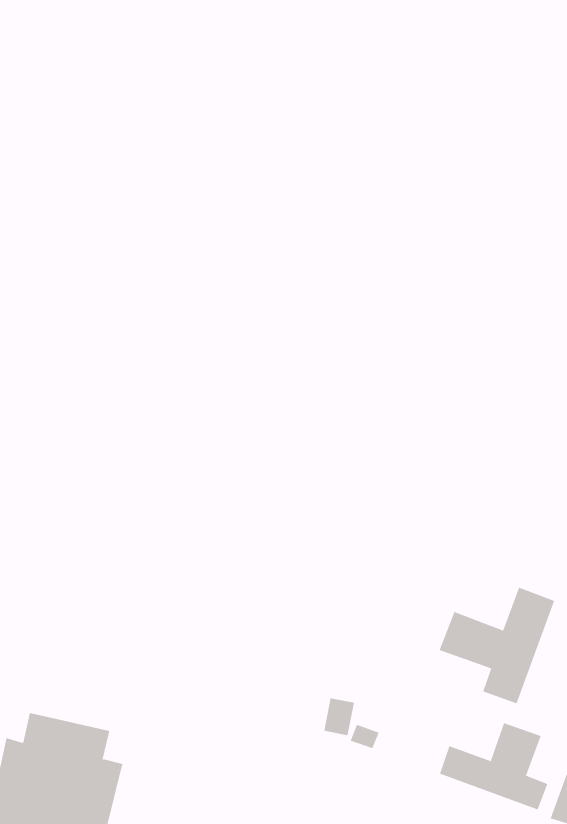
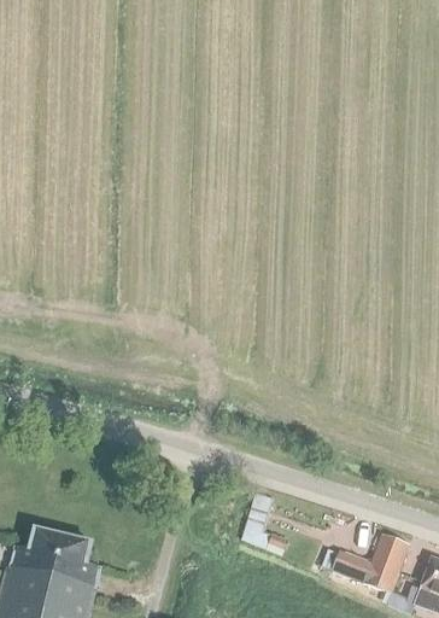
building: [439,587,555,704] -> none

